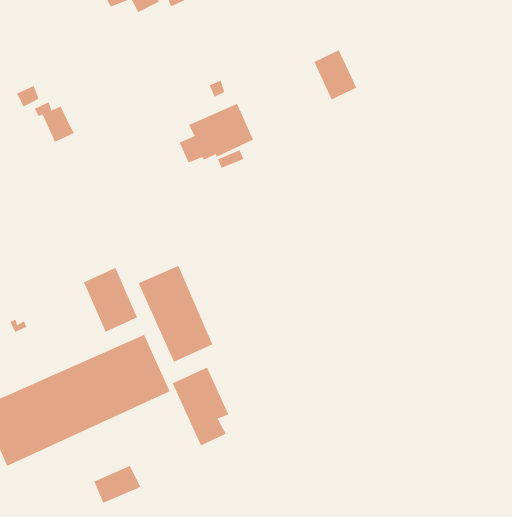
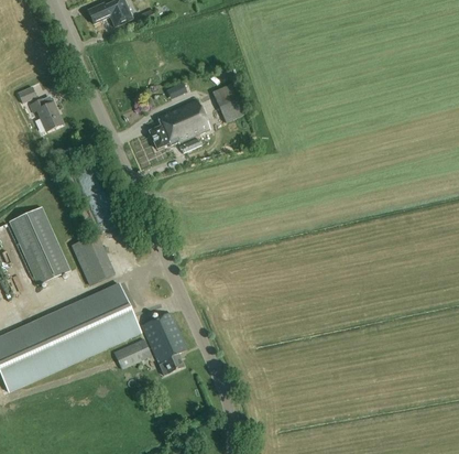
building: [313,49,357,100] -> [211,80,247,121]
building: [138,265,213,362] -> [10,207,70,285]
building: [93,465,141,503] -> [112,337,151,368]

